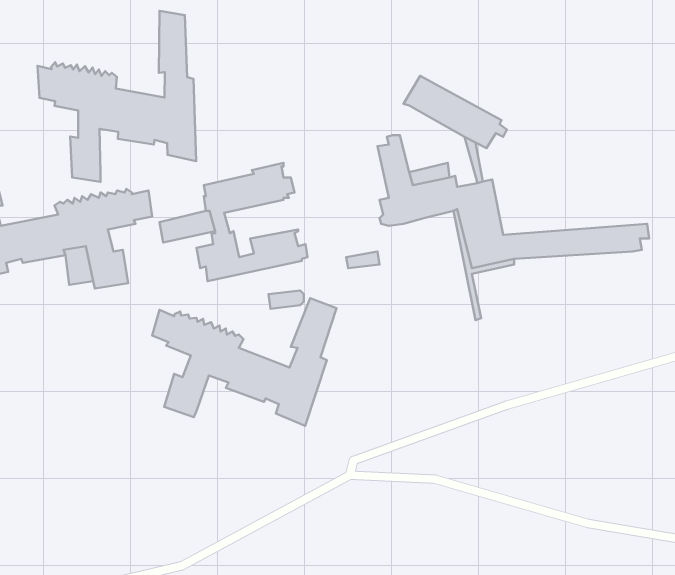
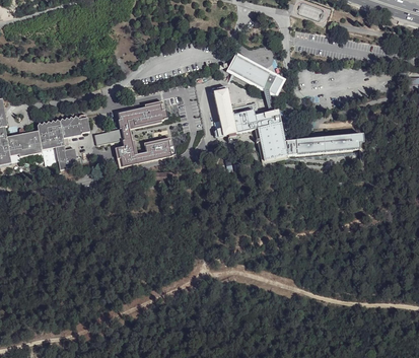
building: [37,11,196,182] -> none
building: [152,298,336,426] -> none

